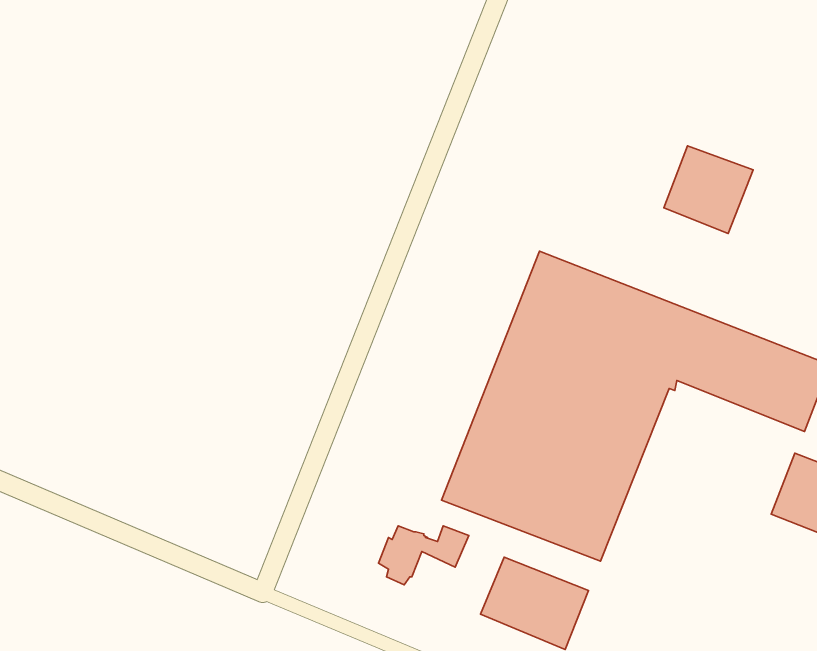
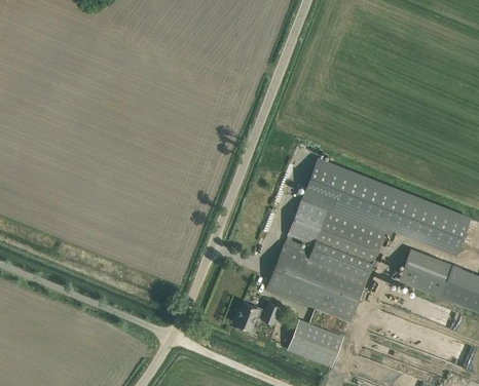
building: [664,146,753,234] -> none
building: none -> [398,248,451,298]

